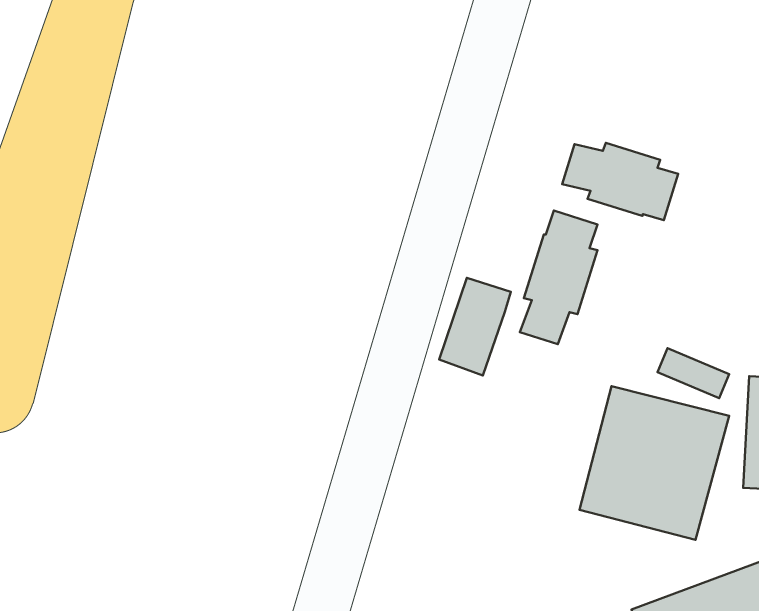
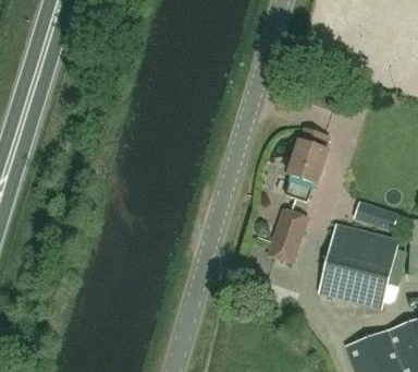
building: [562,143,678,220] -> none
building: [439,278,511,376] -> [267,211,306,264]

